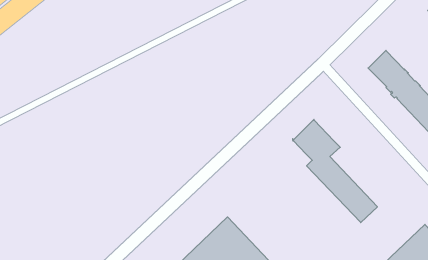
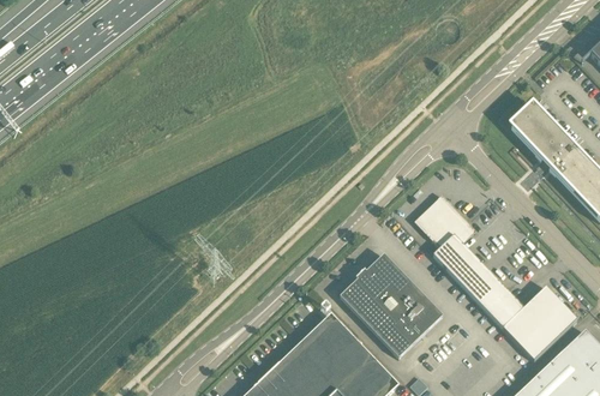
building: none -> [342,254,443,356]
building: none -> [503,286,578,359]

